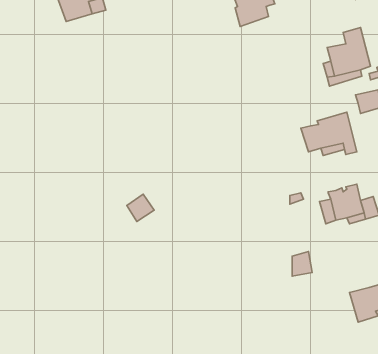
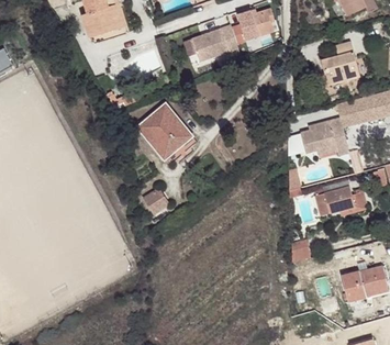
building: none -> [191,25,237,62]
building: none -> [137,103,191,159]

